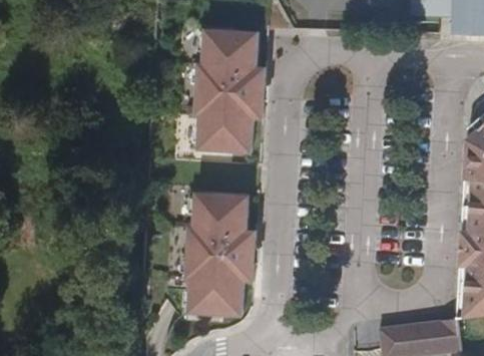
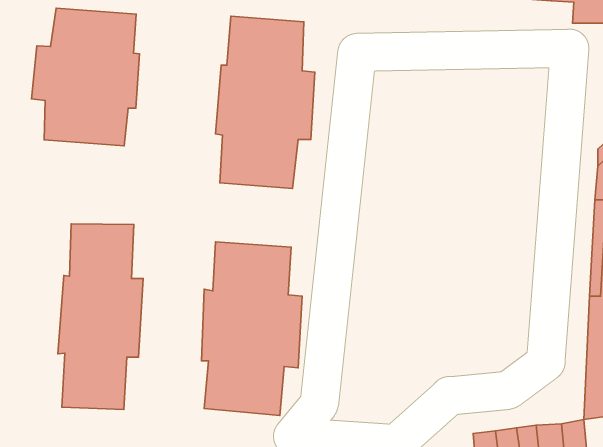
building: none -> [32,8,140,146]
building: none -> [58,224,143,410]

